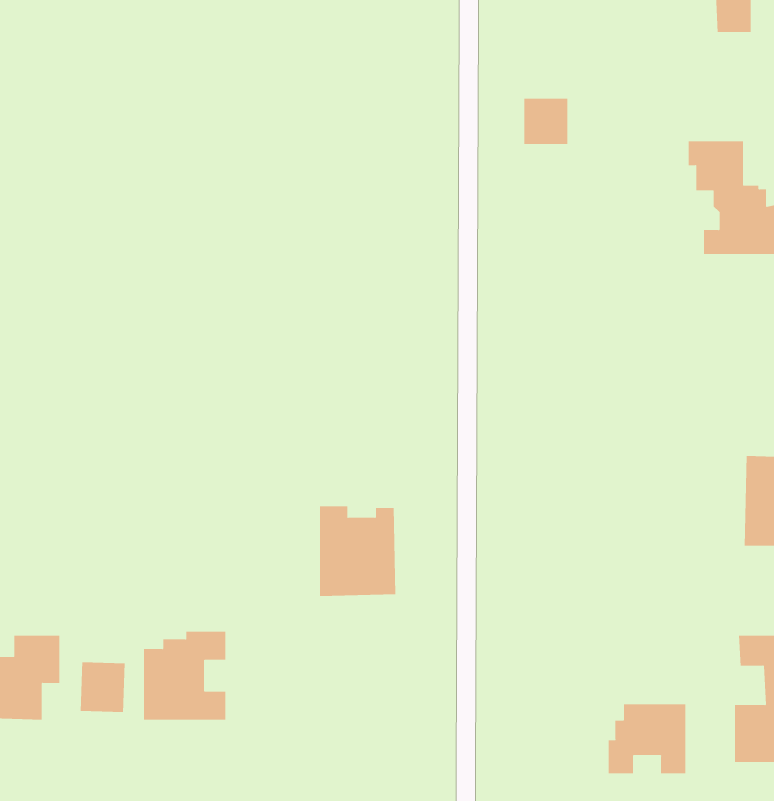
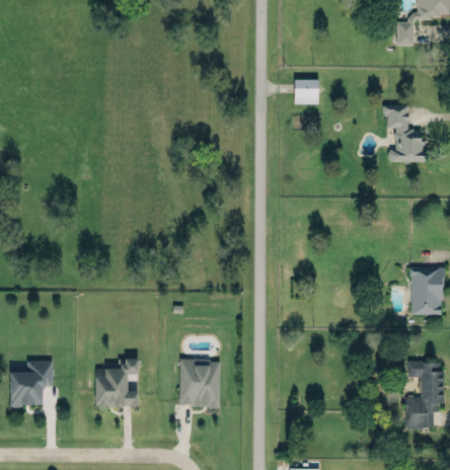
building: [319,506,396,596] -> [178,357,219,404]
building: [80,661,125,713] -> none
building: [608,703,686,774] -> none

